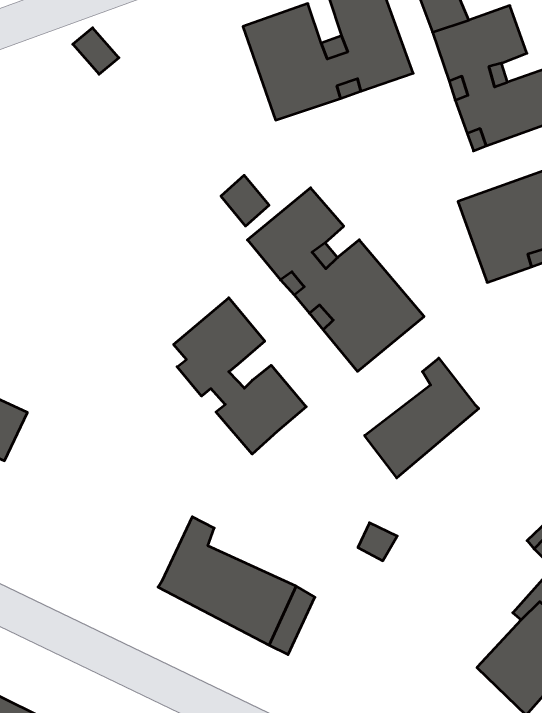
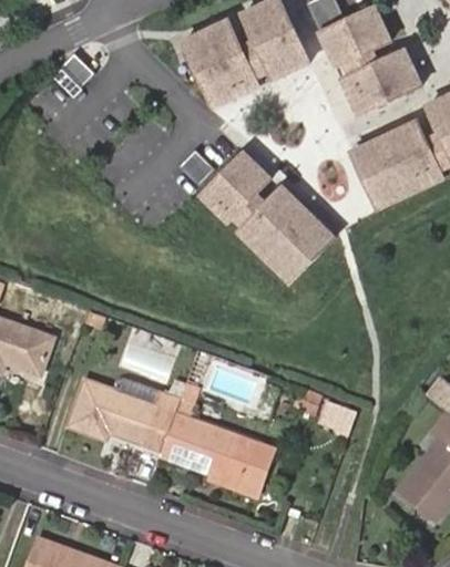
building: [174,298,306,454] -> none
building: [365,358,479,478] -> none
building: none -> [71,379,185,447]

